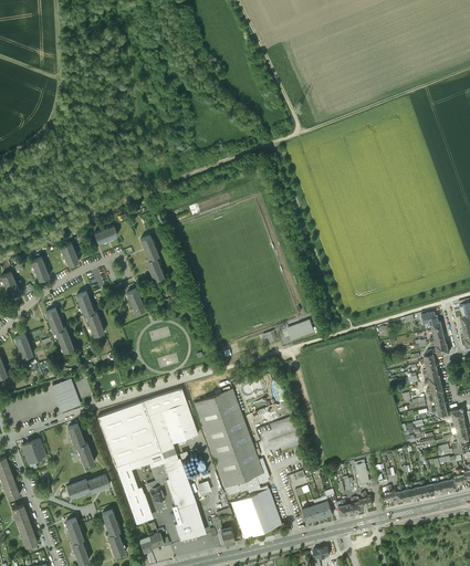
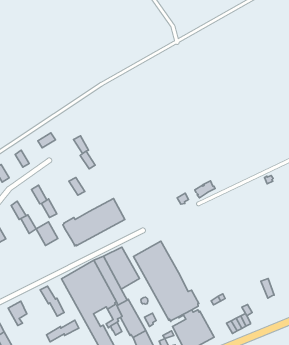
building: none -> [63,198,125,246]
building: [52,380,79,410] -> [36,222,58,245]

